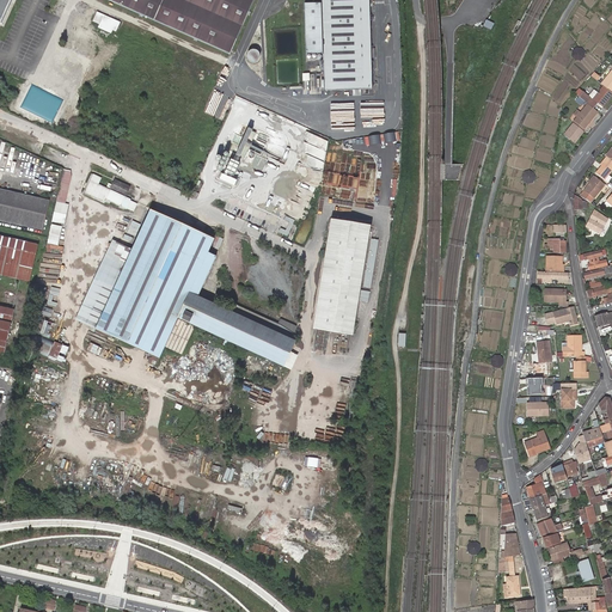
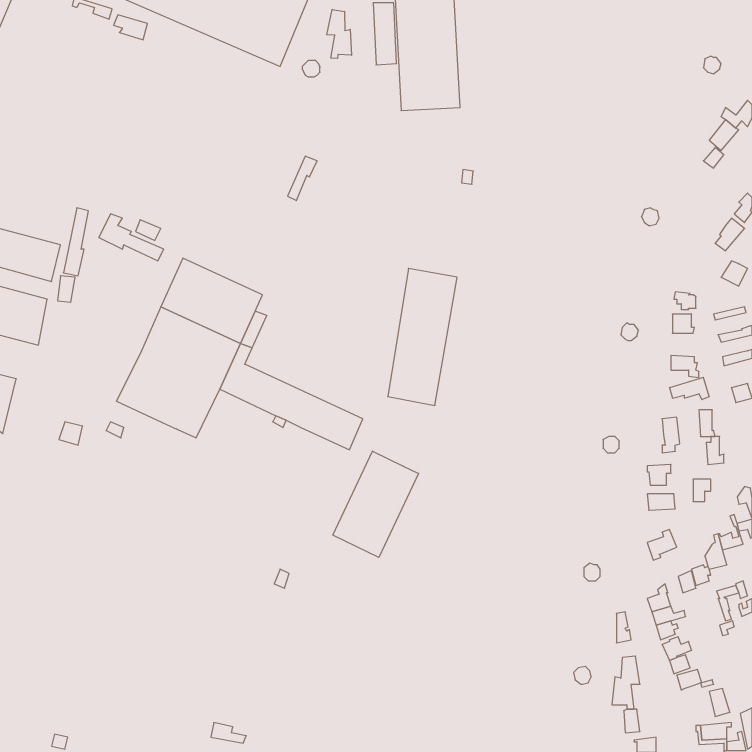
building: none -> [327,9,351,58]
building: [79,241,130,325] -> none
building: none -> [333,451,419,557]

